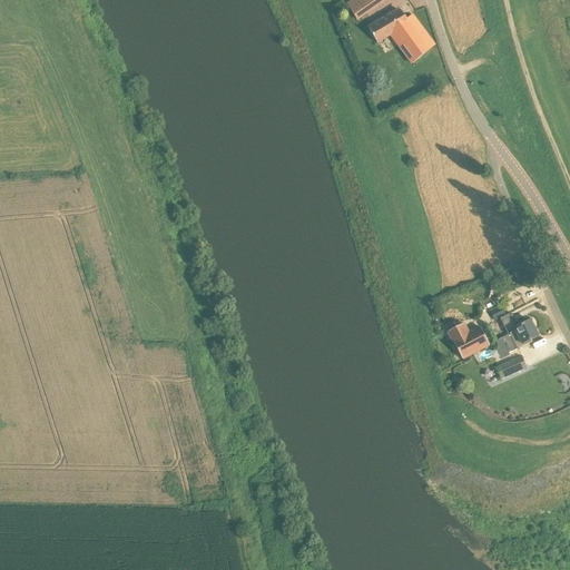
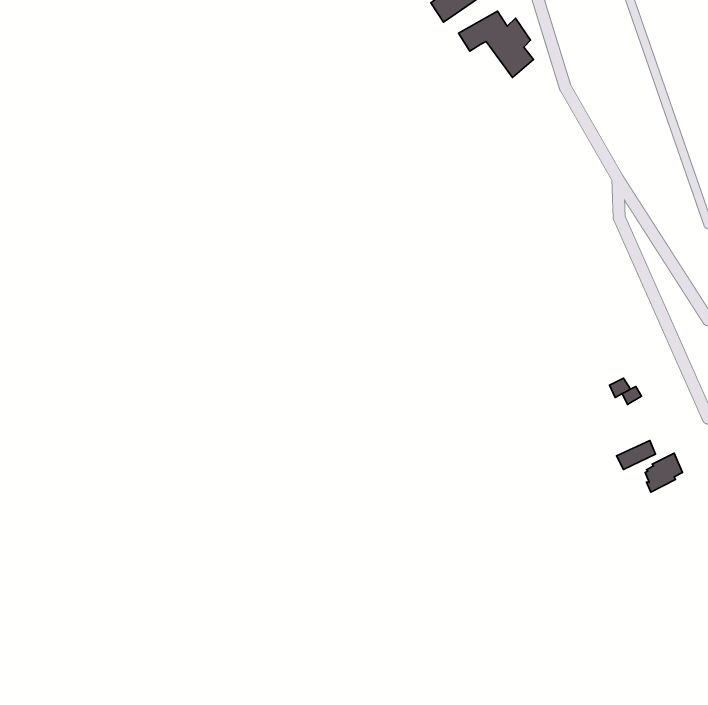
building: [508,318,538,350] -> [645,453,683,492]
building: [449,322,490,356] -> none

